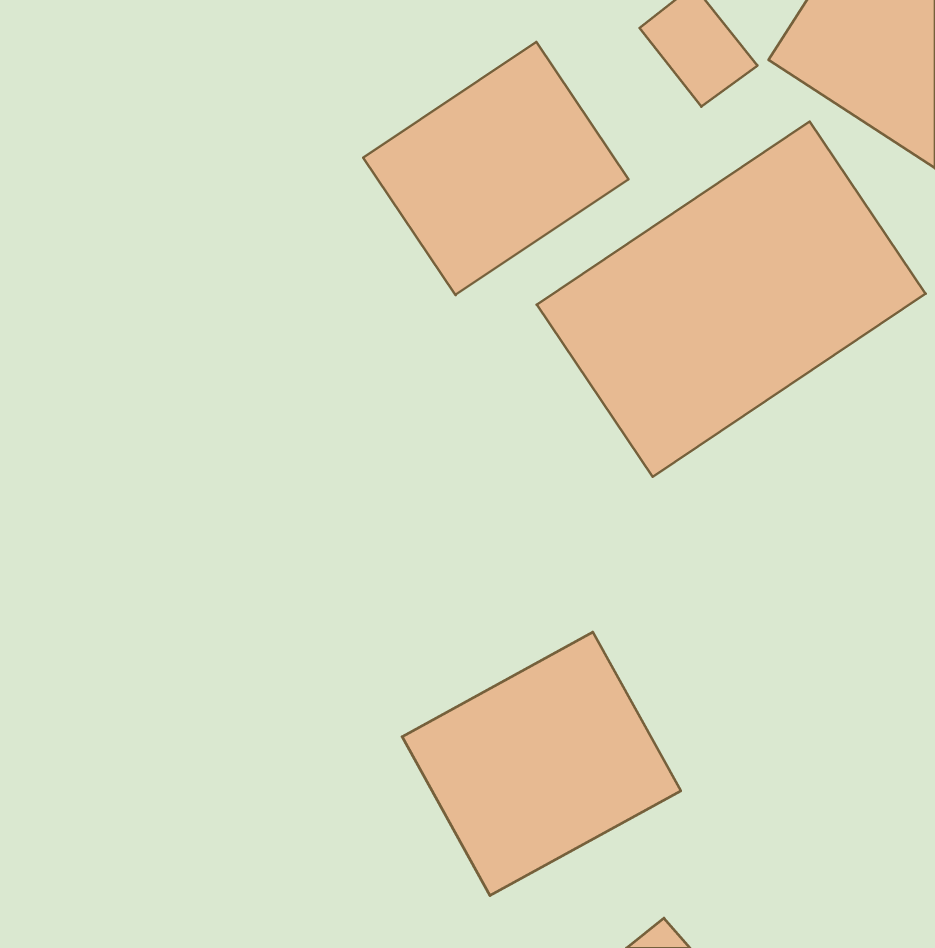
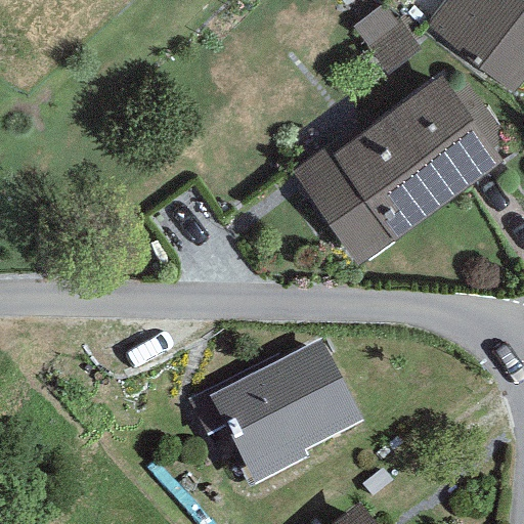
building: [363,42,628,295] -> none

